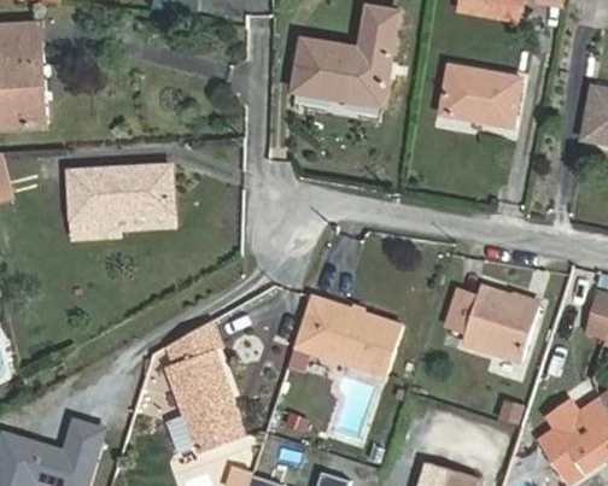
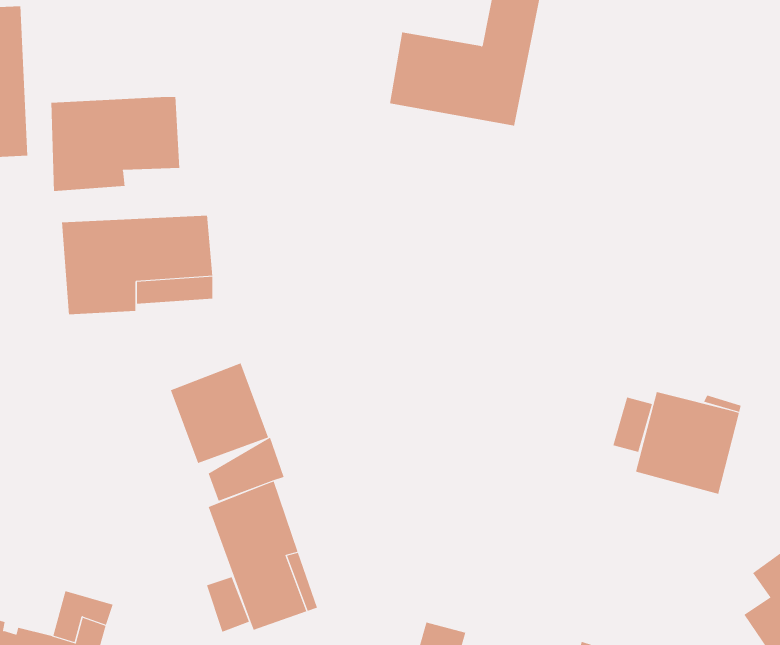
building: [442,68,518,125] -> none
building: none -> [51,96,180,192]
building: none -> [170,362,269,464]
building: [291,297,401,375] -> none

